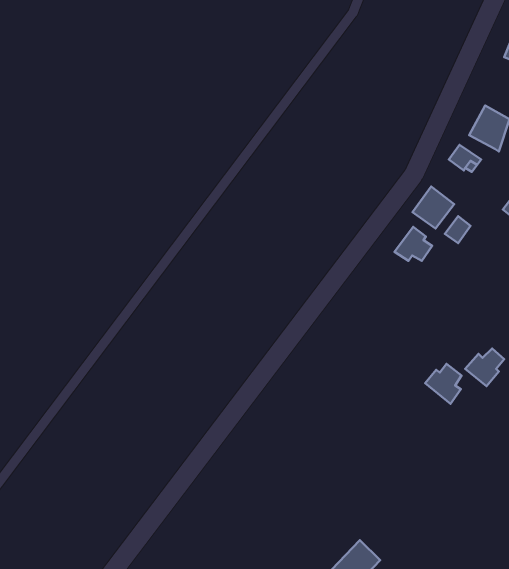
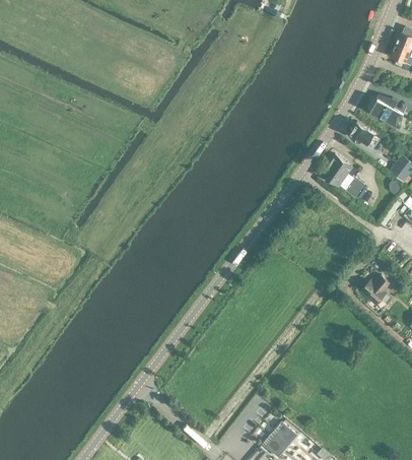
building: [395,227,432,261] -> none
building: [425,364,462,404] -> none

